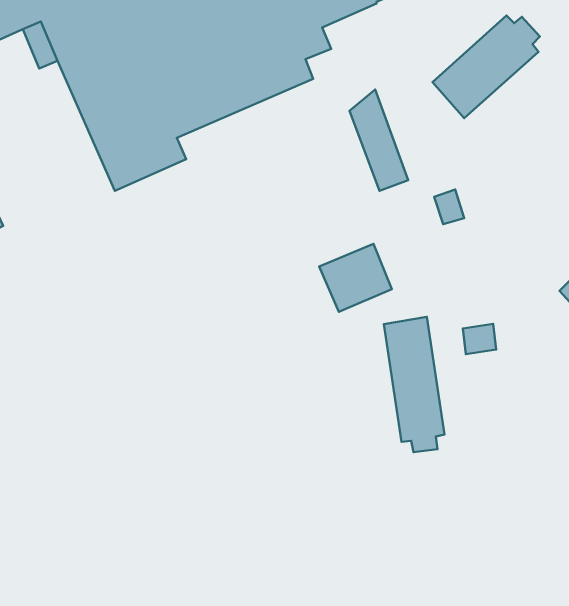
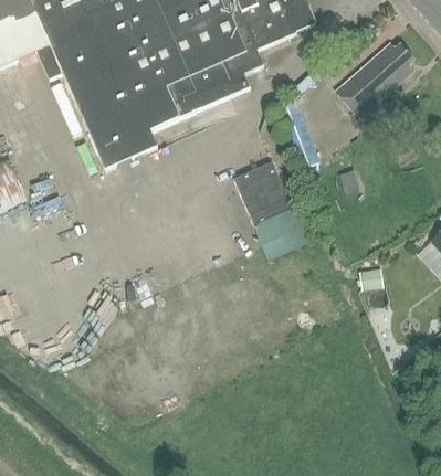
building: none -> [234,158,294,223]
building: [384,317,445,452] -> none

